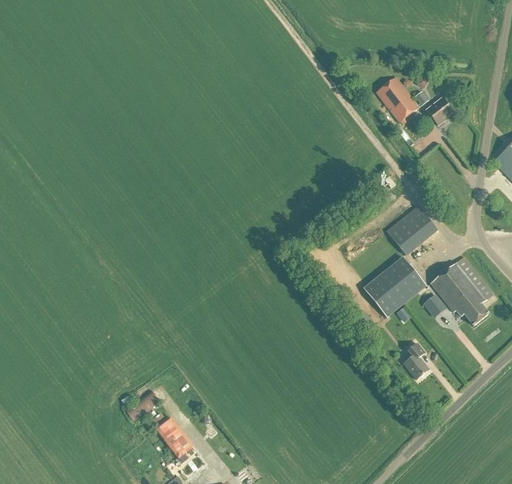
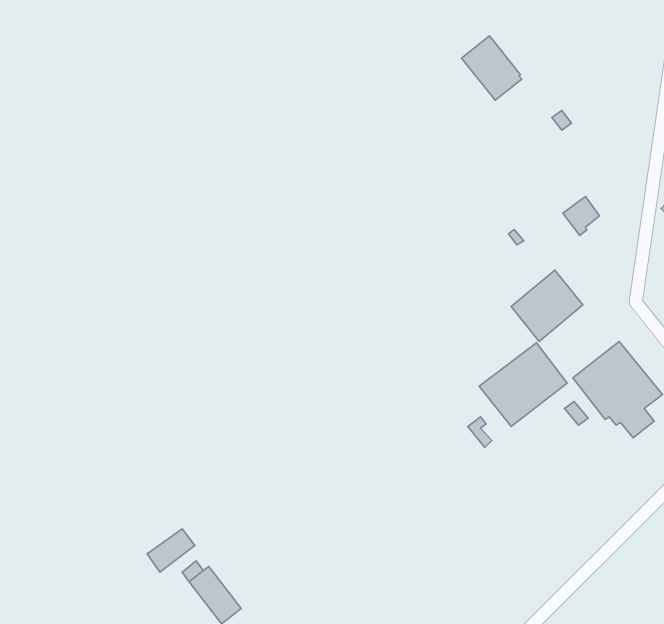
building: [375,76,418,122] -> [462,36,522,100]
building: [426,97,452,125] -> [563,196,599,236]
building: [403,343,429,379] -> none

